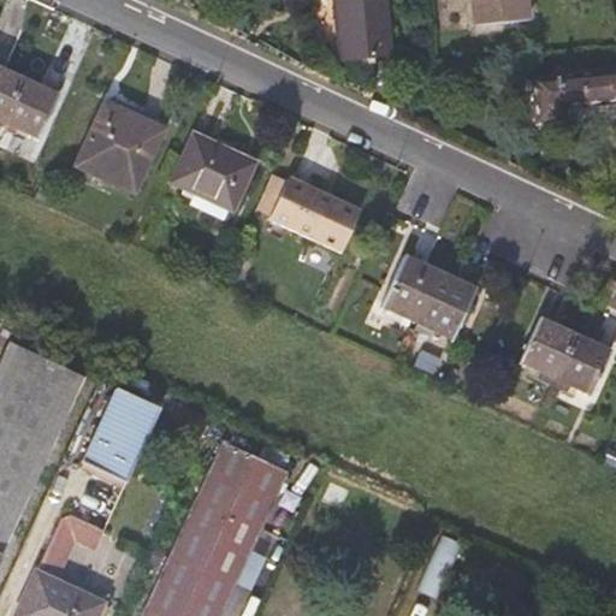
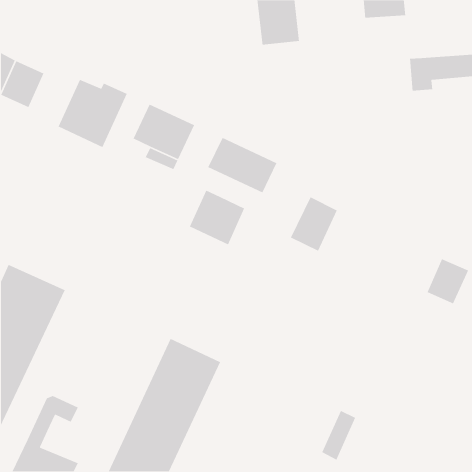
building: none -> [189,190,245,245]
building: [415,273,476,344] -> none
building: [528,322,575,380] -> none
building: [83,386,158,479] -> none

